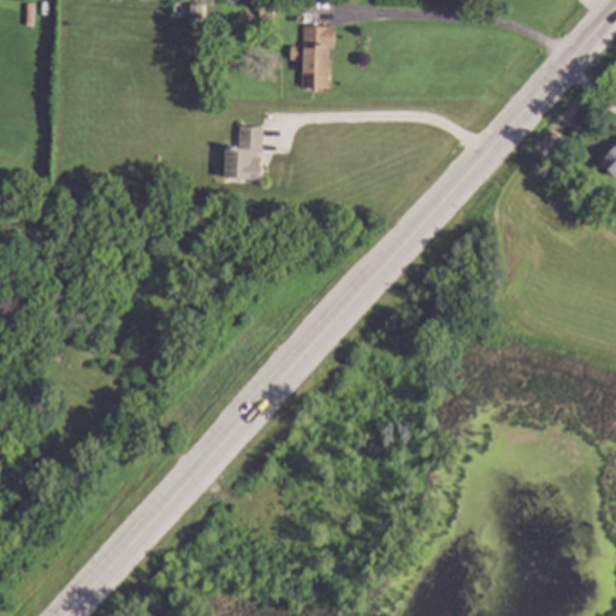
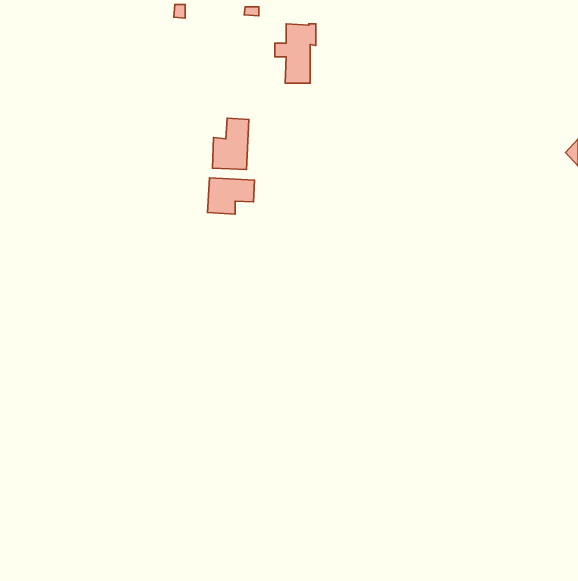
building: none -> [207,178,254,214]

